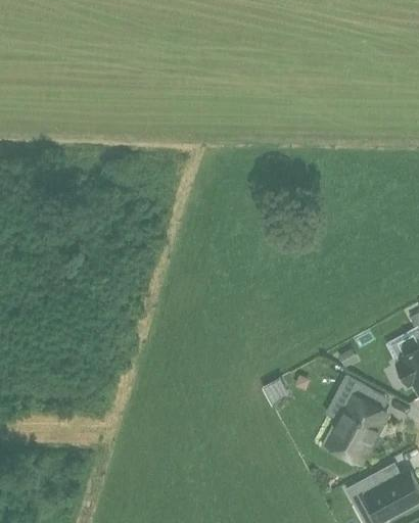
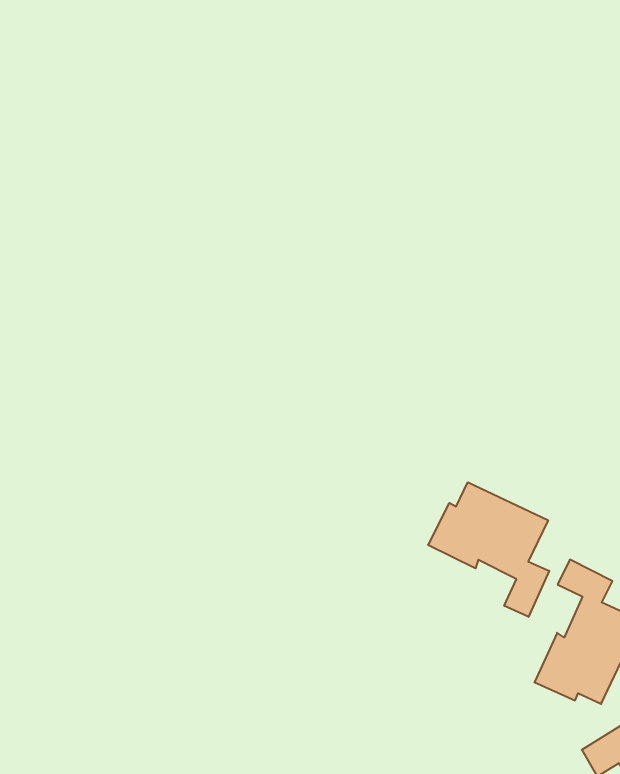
building: none -> [428,482,549,617]

